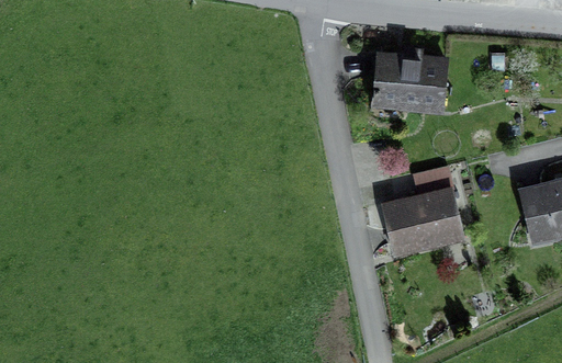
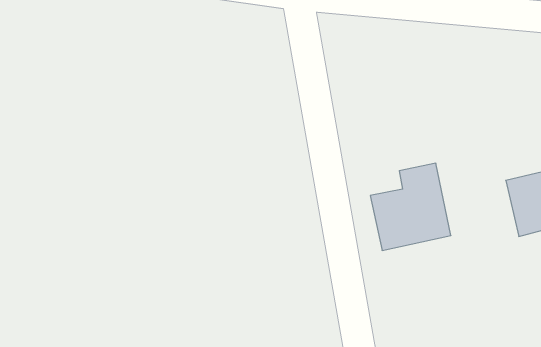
building: [373,54,452,117] -> none

